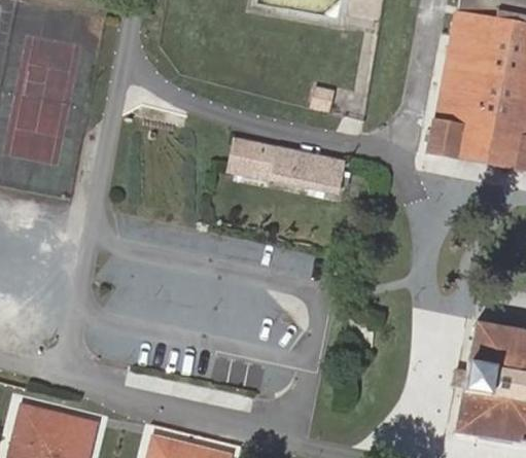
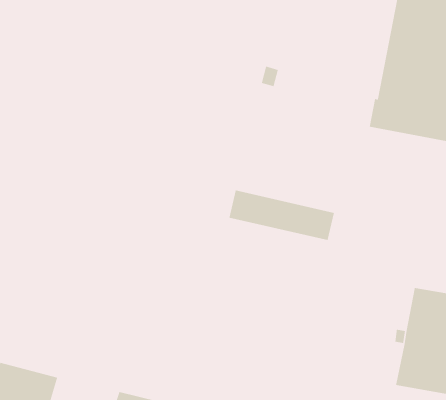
building: [229,137,344,192] -> [229,190,335,241]

